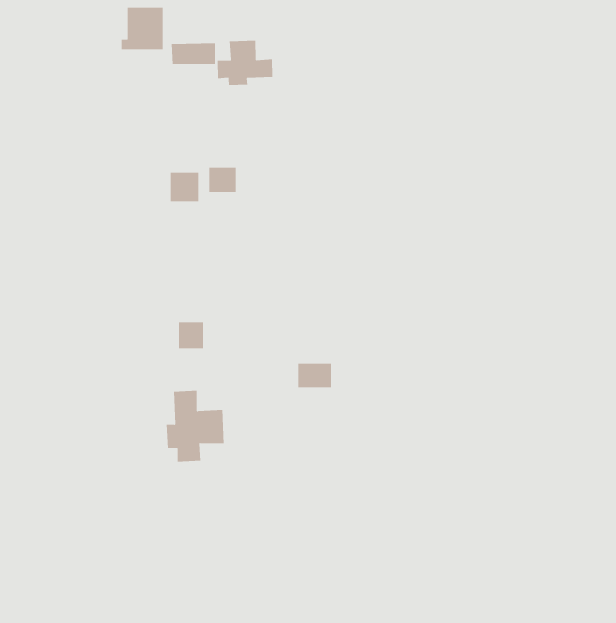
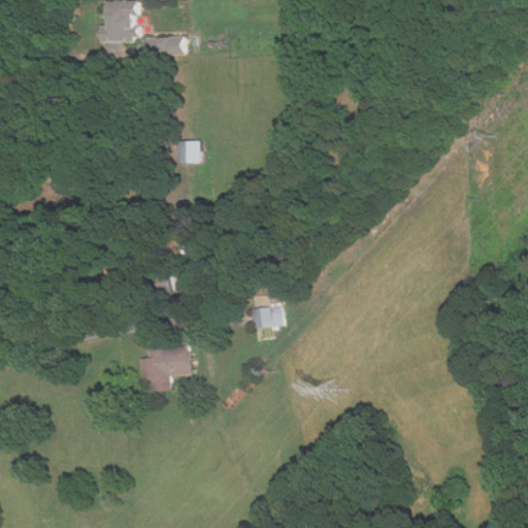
building: [217,40,273,86] -> none
building: [170,172,199,202] -> none

